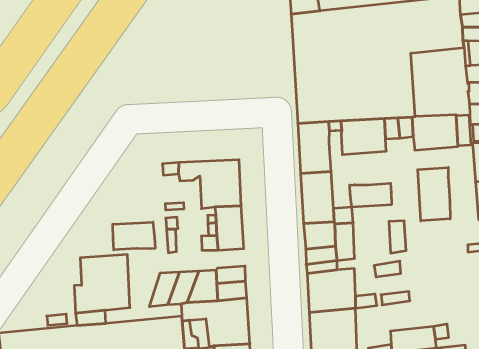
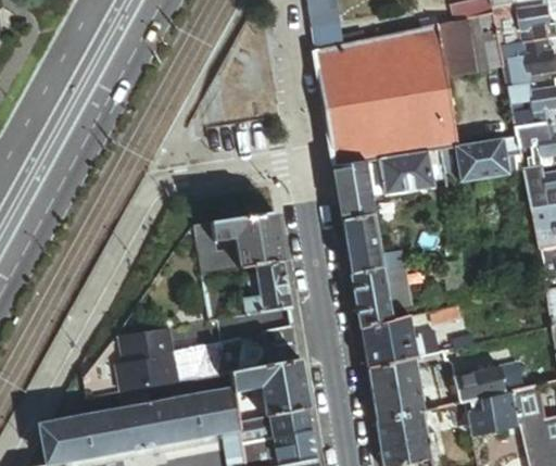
building: [418,167,450,221] -> none
building: [350,183,391,207] -> none
building: [113,222,155,250] -> none

